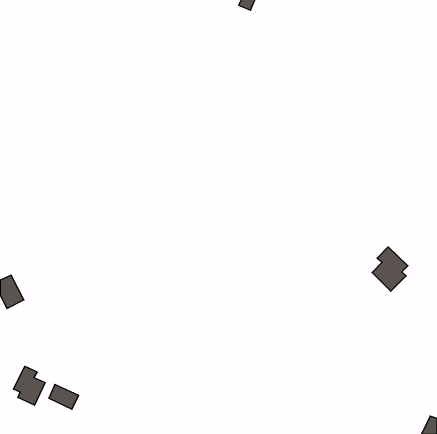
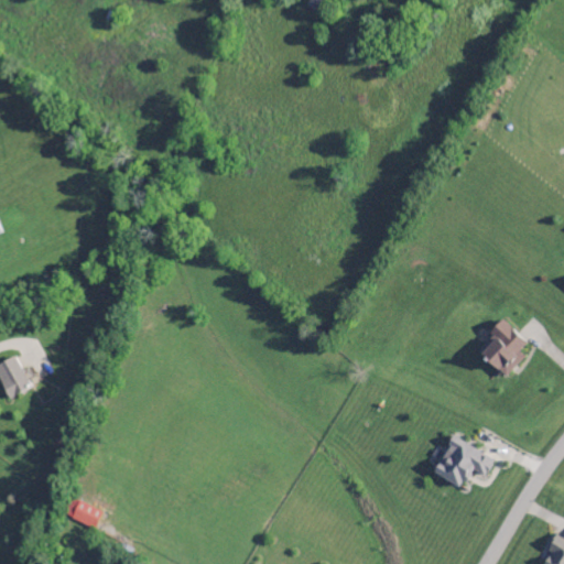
building: none -> [433,436,492,486]
building: [14,366,45,405] -> none

